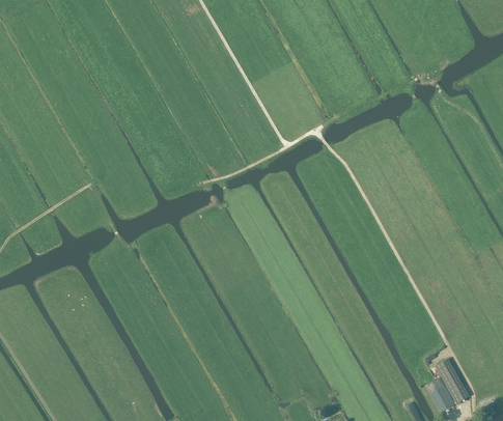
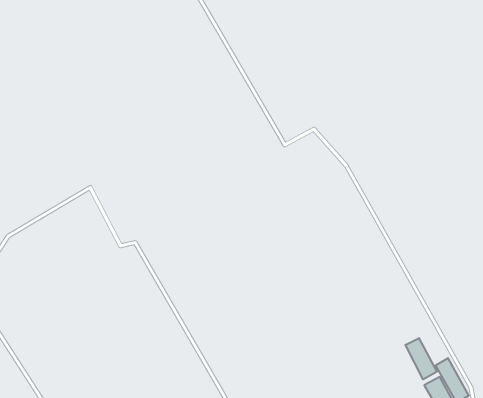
building: none -> [405,338,437,379]

